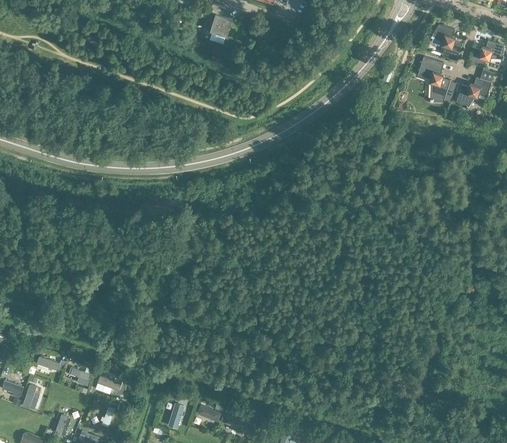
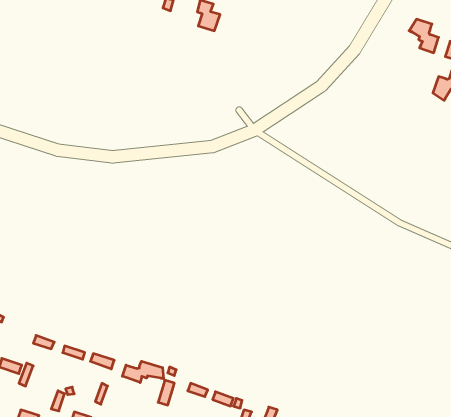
building: [418,56,450,101] -> none
building: none -> [122,361,164,383]

